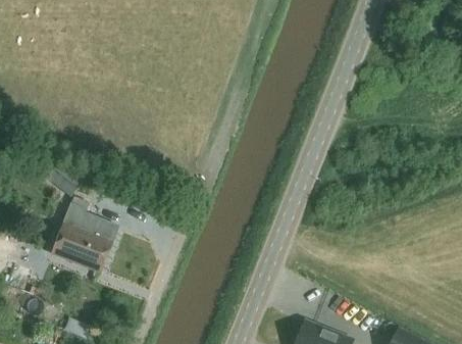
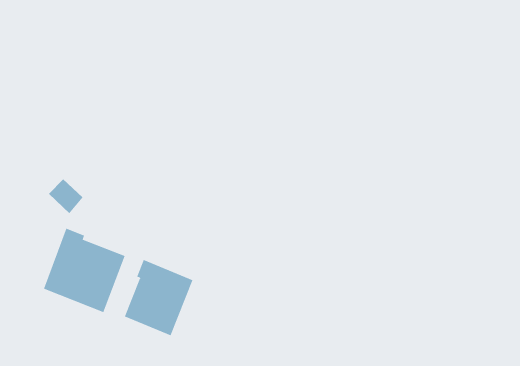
building: none -> [124,259,193,336]

